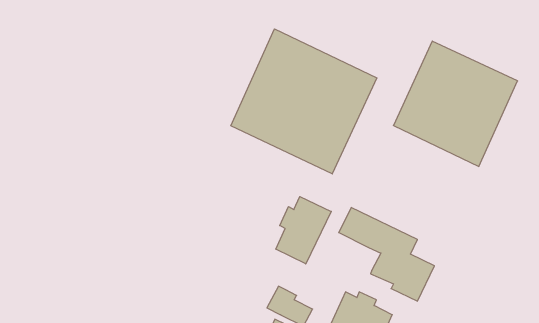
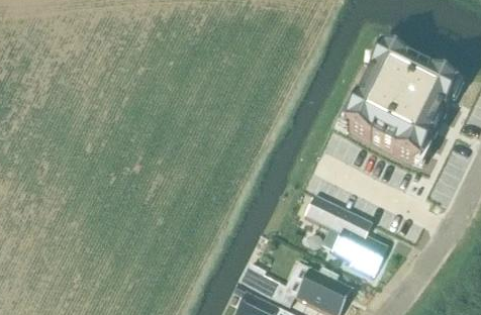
building: [231,29,377,174] -> none
building: [276,197,331,264] -> none

